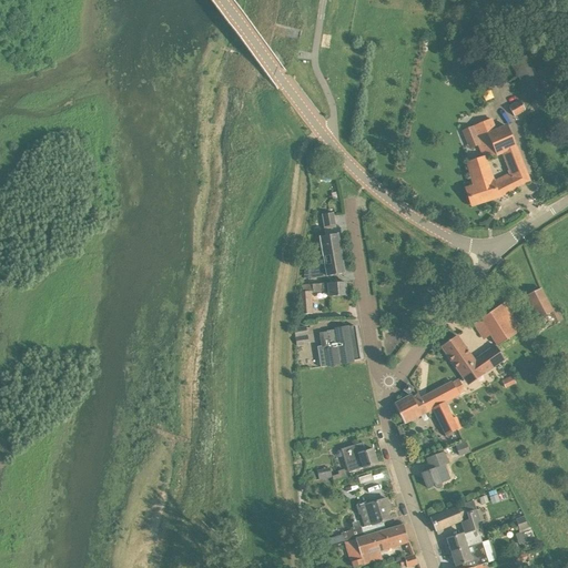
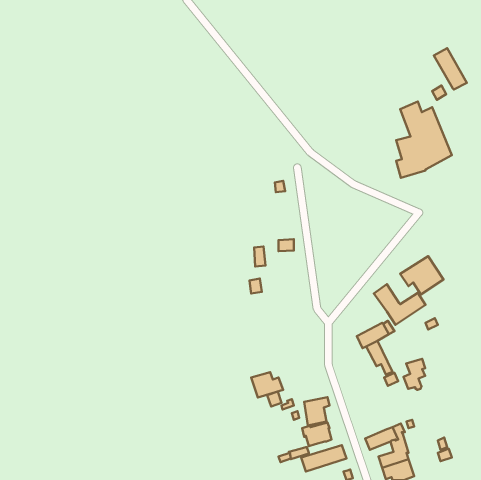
building: [307,234,344,278] -> none
building: [526,287,552,317] -> none
building: [318,325,355,365] -> none
building: [395,393,427,423] -> none
building: [341,442,378,471] -> [251,372,283,397]
building: [422,452,447,488] -> [403,359,425,390]

